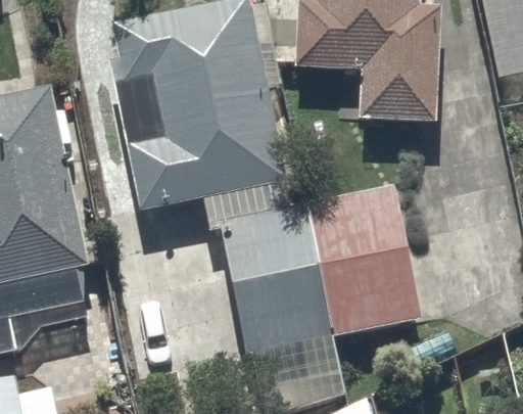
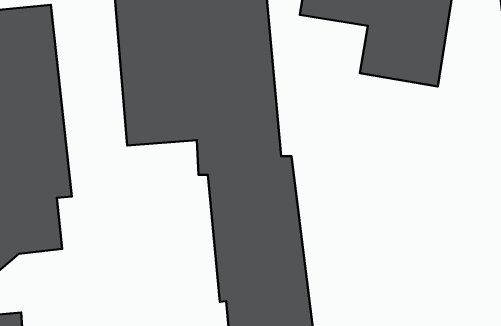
building: [306,186,421,337] -> none

